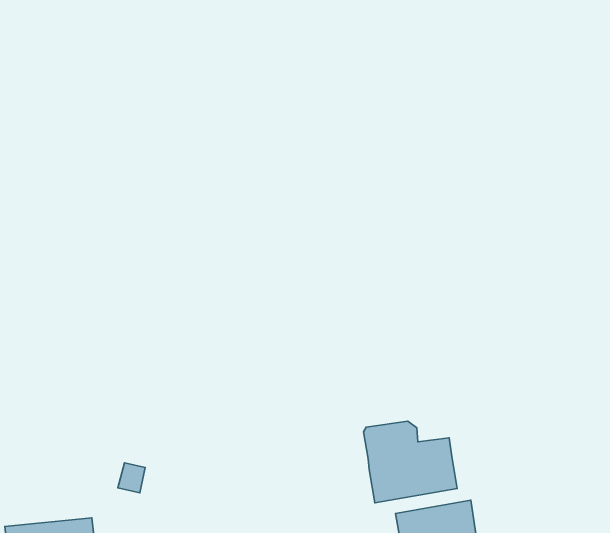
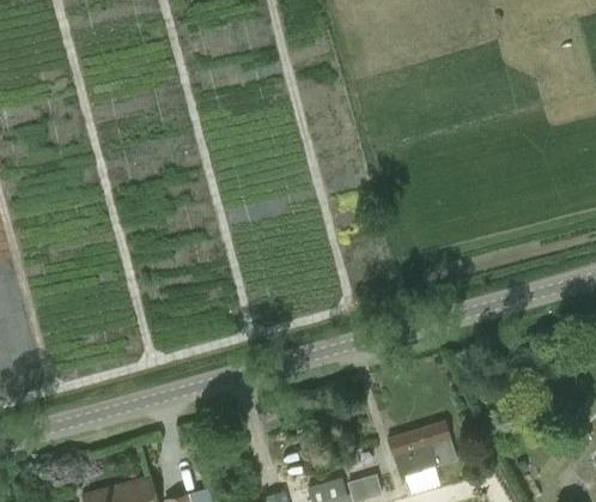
building: [363,421,457,503] -> none

